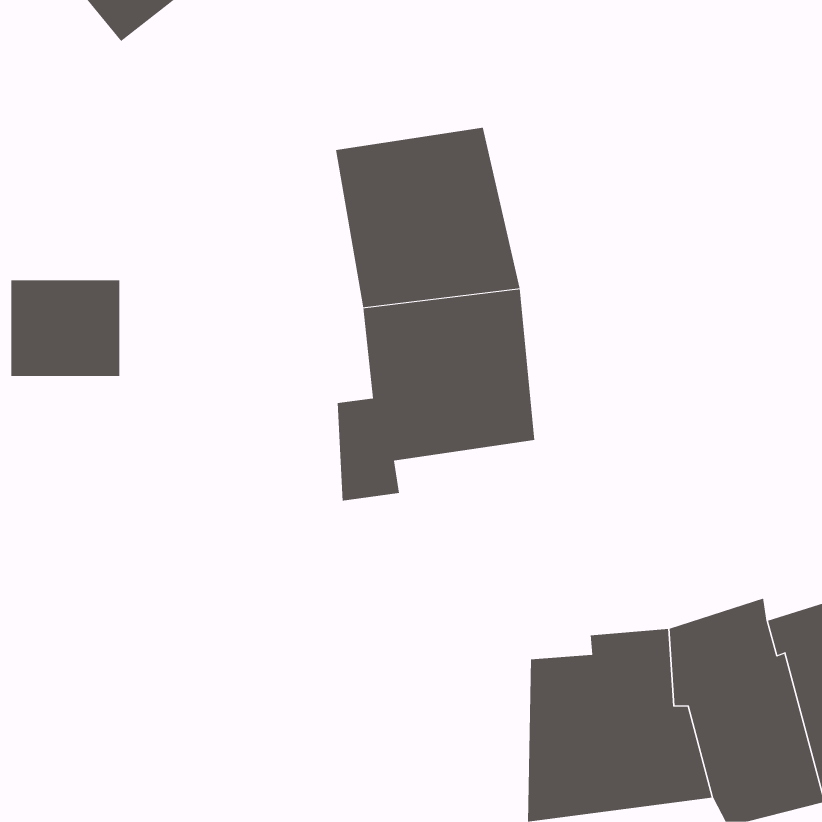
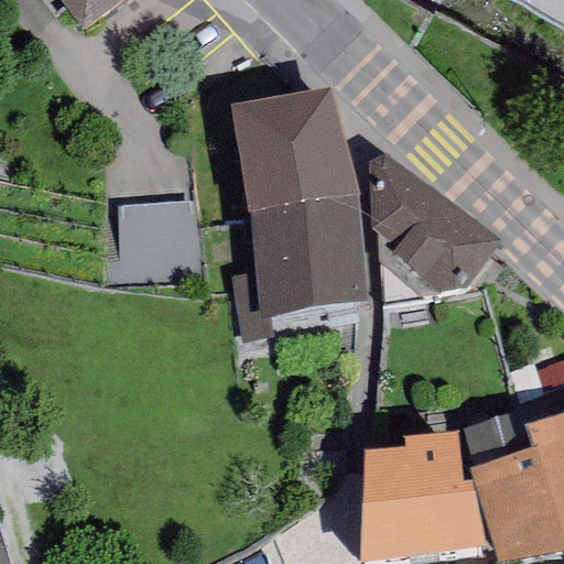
building: none -> [369,154,502,299]
building: [11,280,120,377] -> [132,206,207,272]

